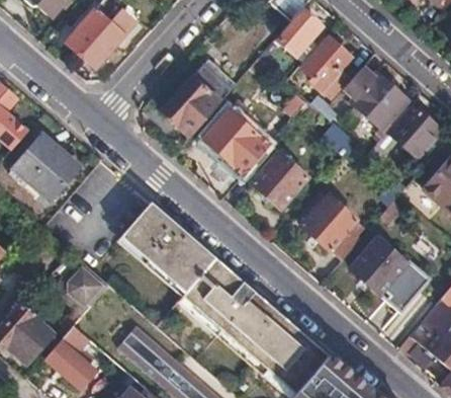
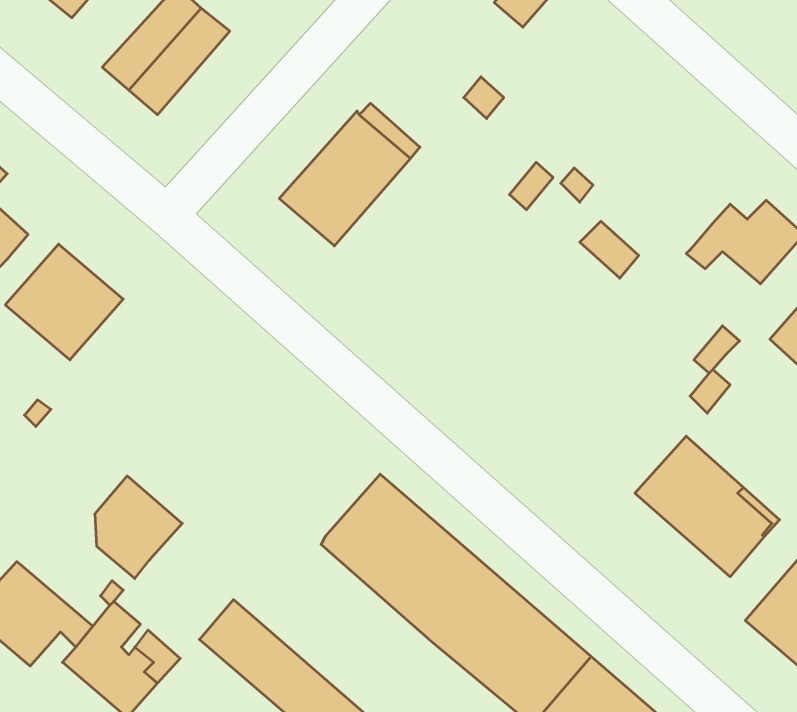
building: [279,11,320,58] -> none
building: [299,35,351,97] -> none
building: [343,68,407,139] -> none
building: [203,110,270,175] -> none
building: [253,153,306,208] -> none
building: [301,195,357,260] -> none
building: [121,203,215,292] -> none

